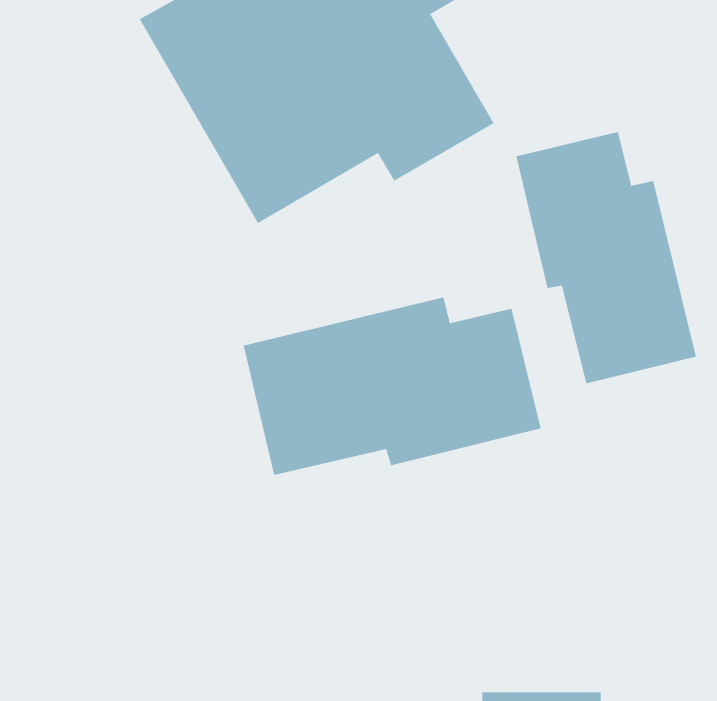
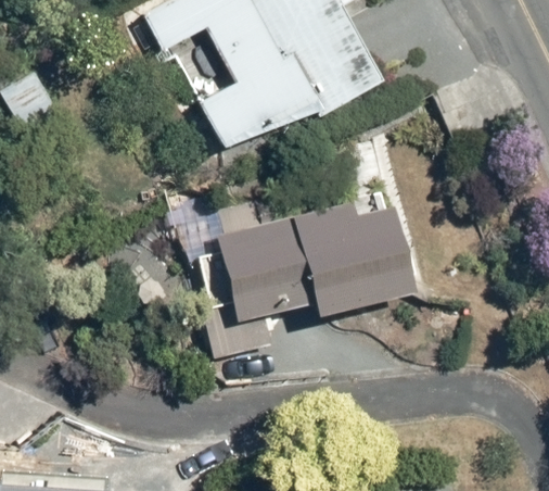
building: [516,131,696,384] -> none

